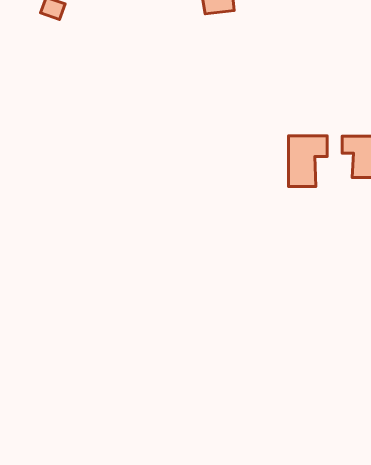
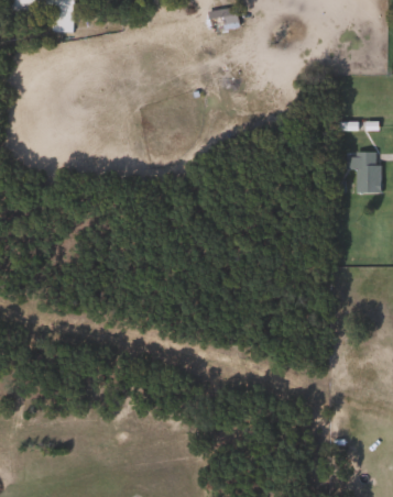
building: [288,136,327,186] -> none

